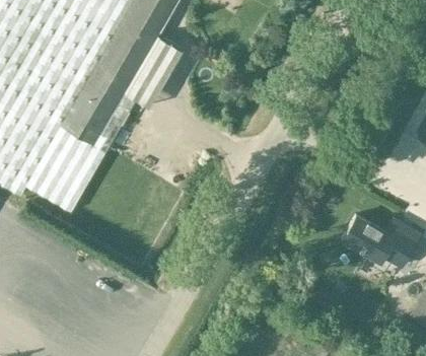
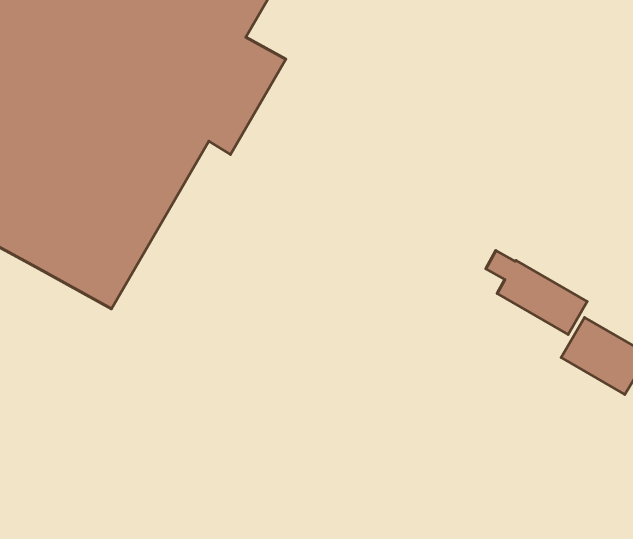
building: none -> [486,250,587,335]

